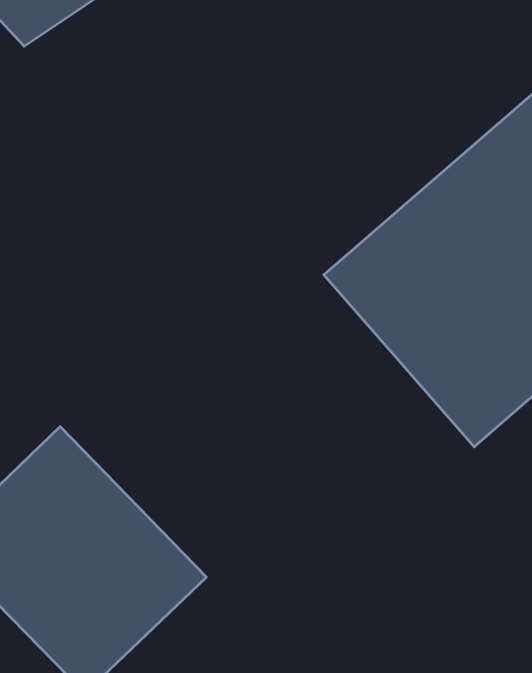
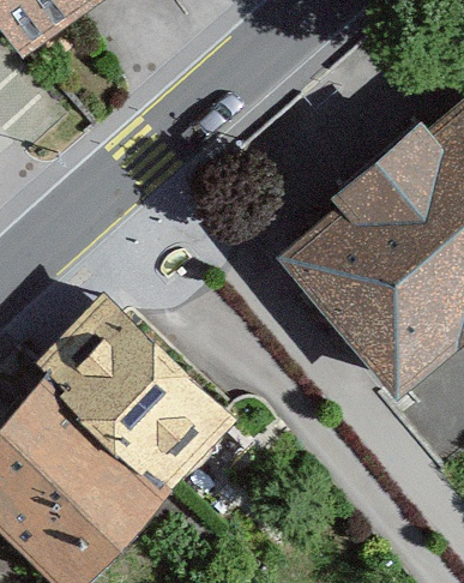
building: none -> [41,294,240,500]

